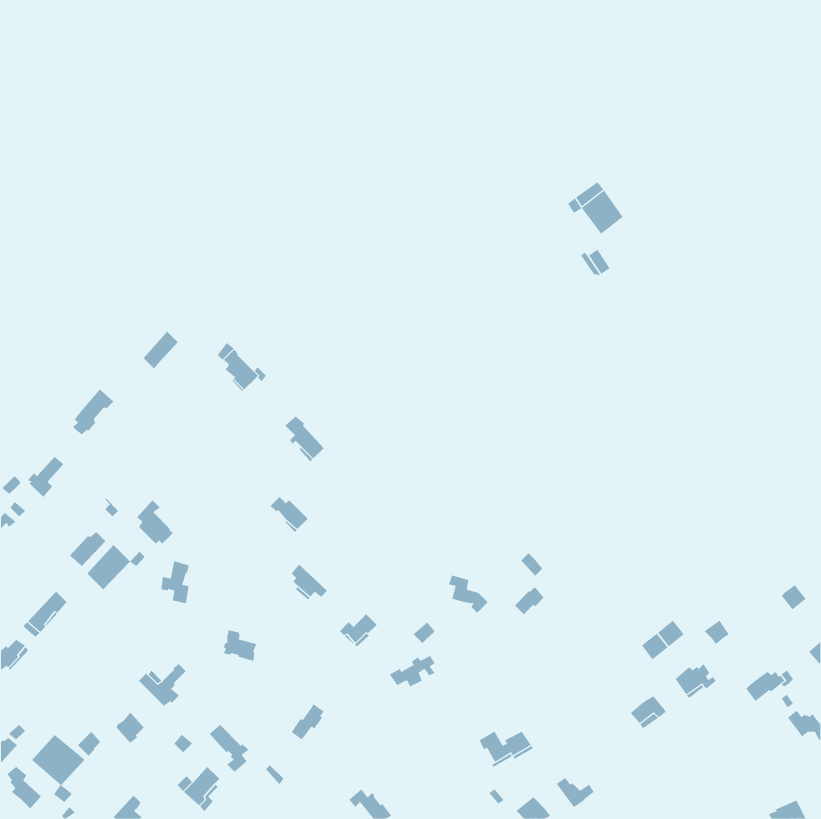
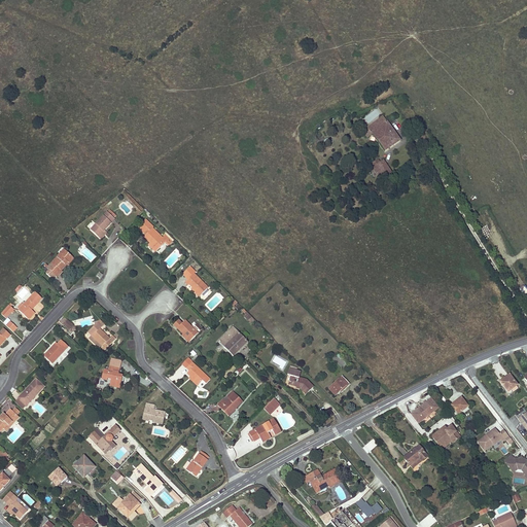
building: none -> [218,322,248,356]
building: [86,544,145,590] -> none
building: [31,734,86,803] -> none

